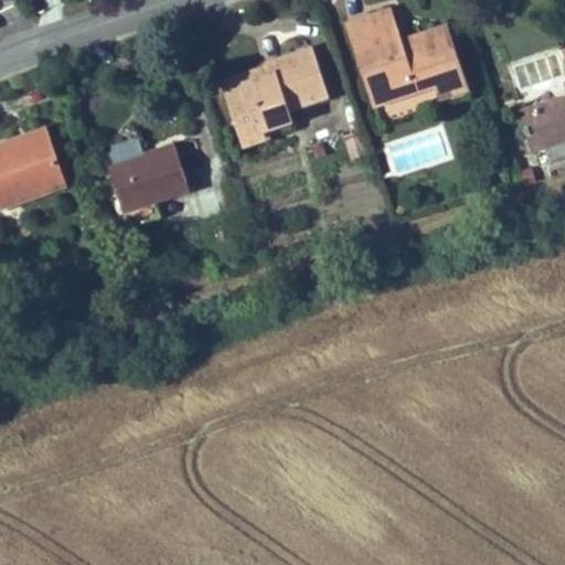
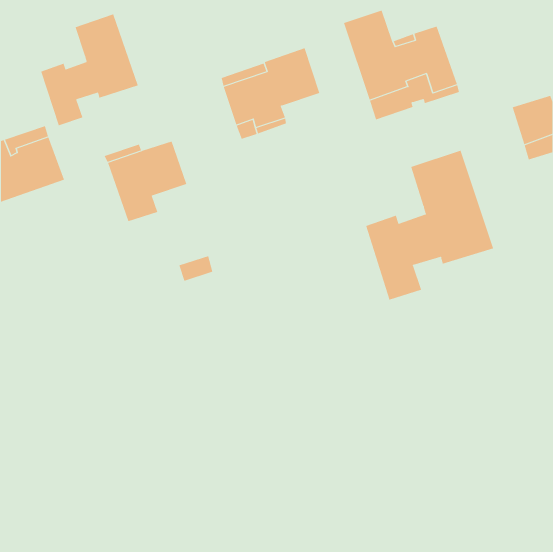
building: none -> [40,13,138,126]
building: none -> [366,150,494,301]

